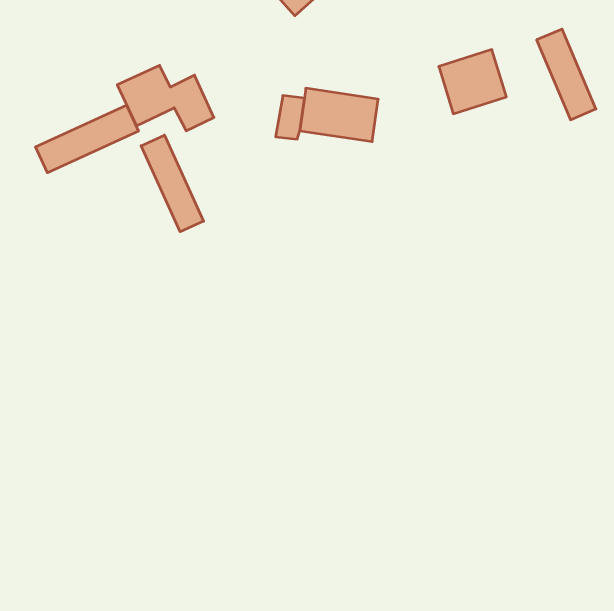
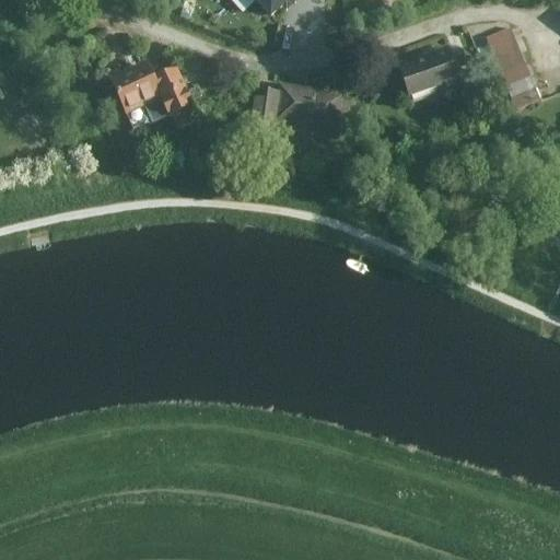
building: [36,105,138,173] -> none
building: [141,135,204,232] -> none

